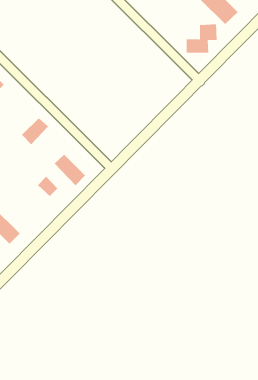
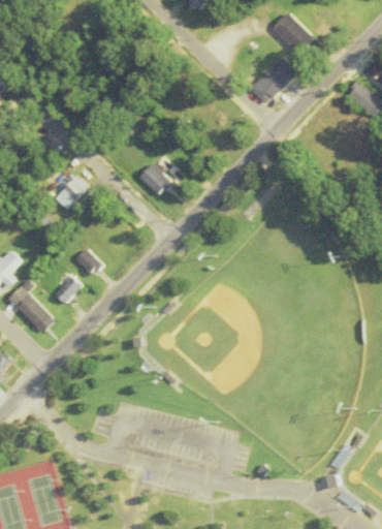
building: none -> [139,163,174,198]
building: [54,154,86,186] -> none
building: none -> [51,270,81,305]

